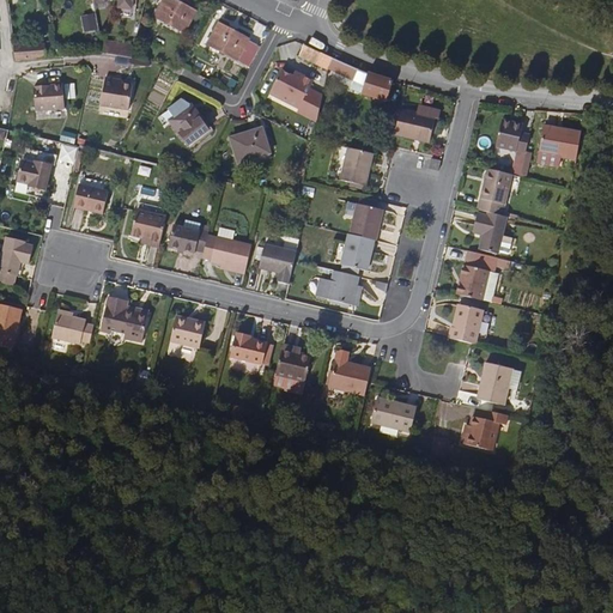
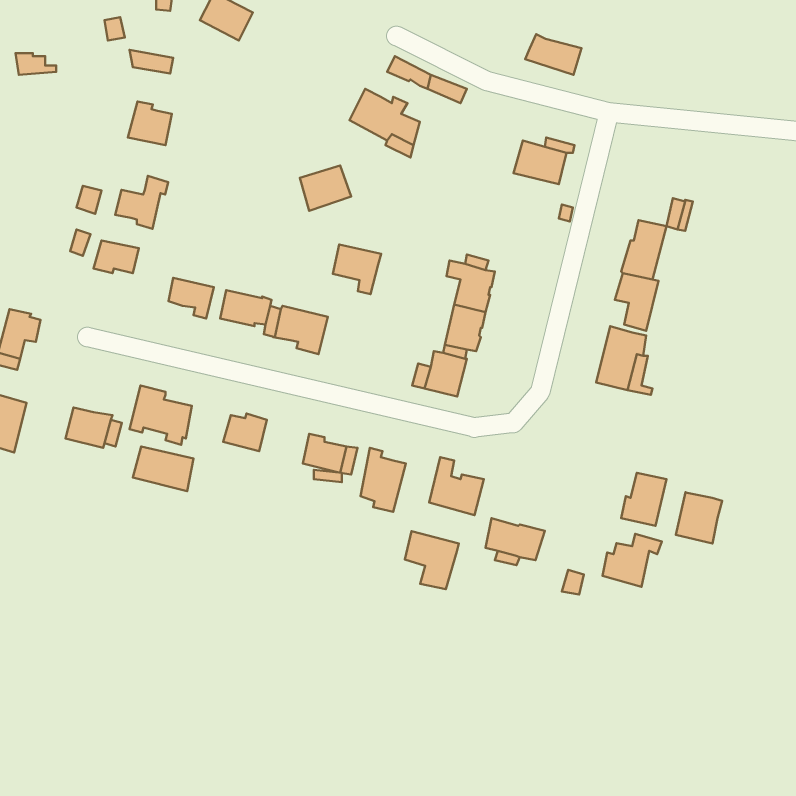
building: [207,23,256,63] -> none
building: [350,68,393,99] -> [525,34,581,75]
building: [32,83,63,109] -> none
building: [168,98,207,142] -> none
building: [492,119,530,150] -> none
building: [538,127,581,168] -> none
building: [340,147,372,184] -> none
building: [17,150,57,190] -> [115,176,168,229]
building: [259,244,296,283] -> [333,244,381,294]
building: [448,304,482,344] -> none
building: none -> [133,446,193,491]
building: none -> [676,492,722,544]
building: none -> [405,531,459,589]

